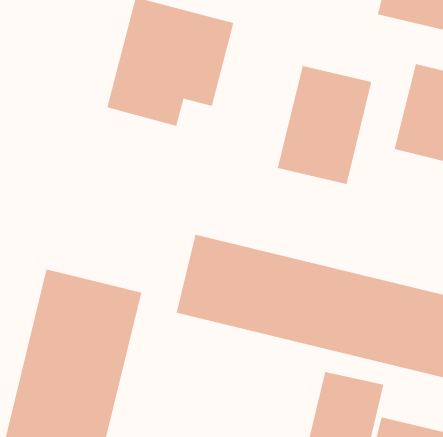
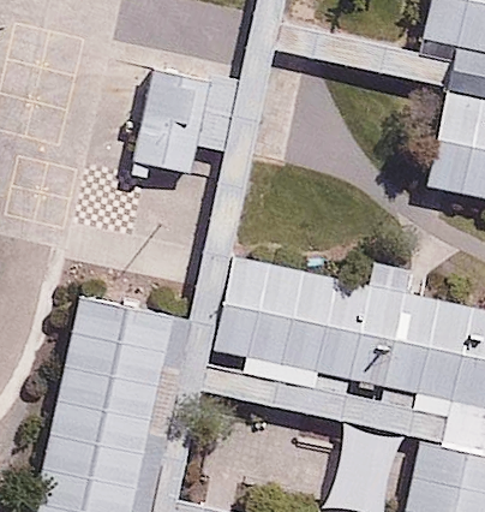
building: [277,65,372,185] -> none

